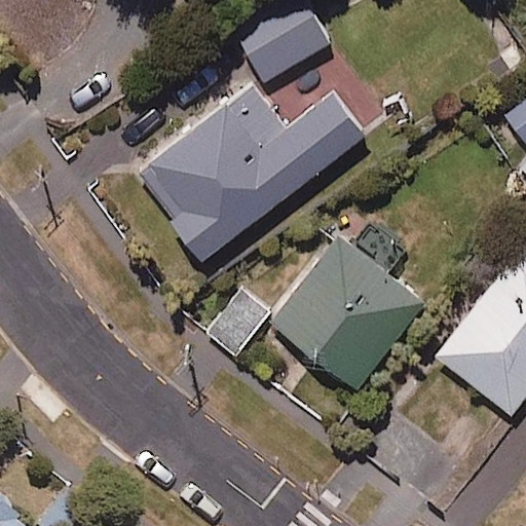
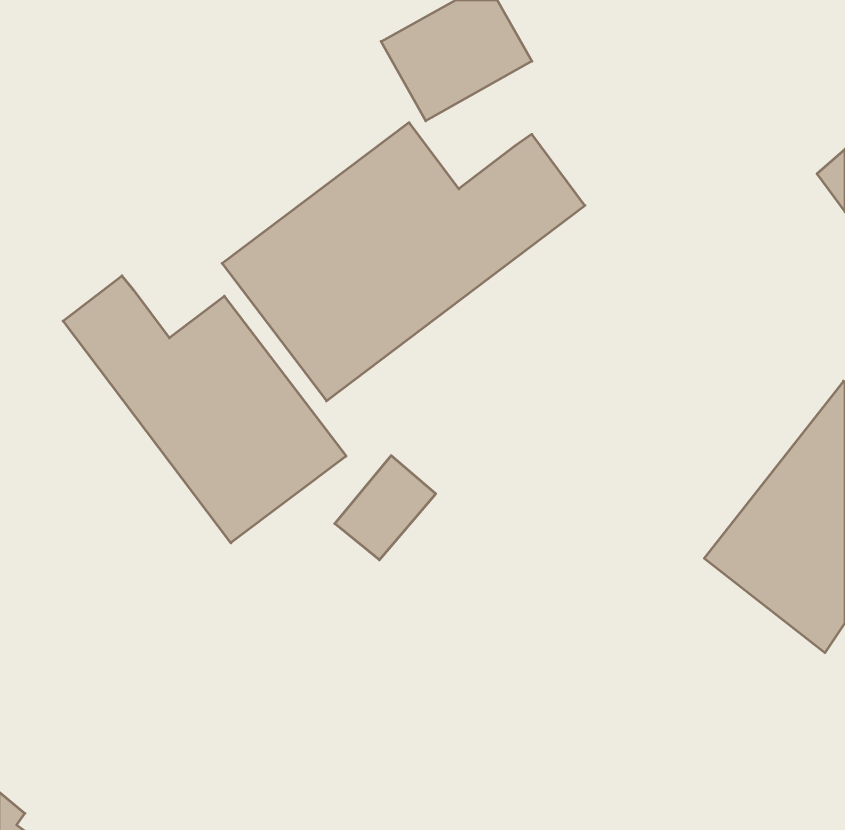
building: none -> [63,276,346,543]
building: [270,235,423,387] -> none

